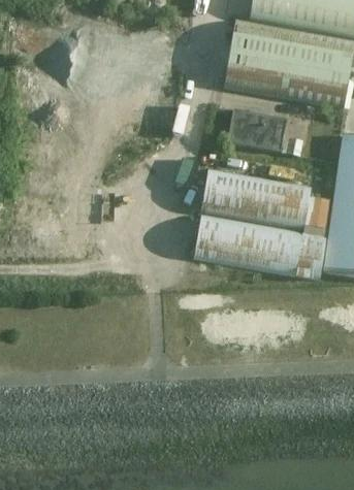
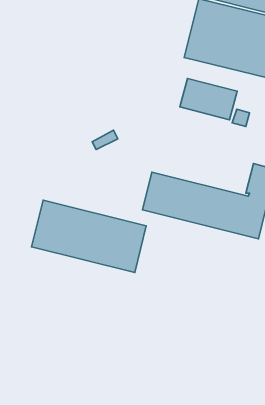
building: [195,168,308,228] -> none
building: none -> [32,200,146,272]

